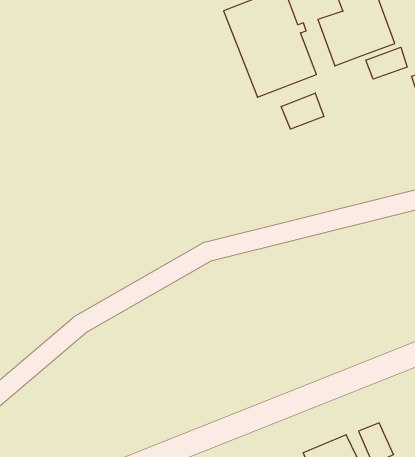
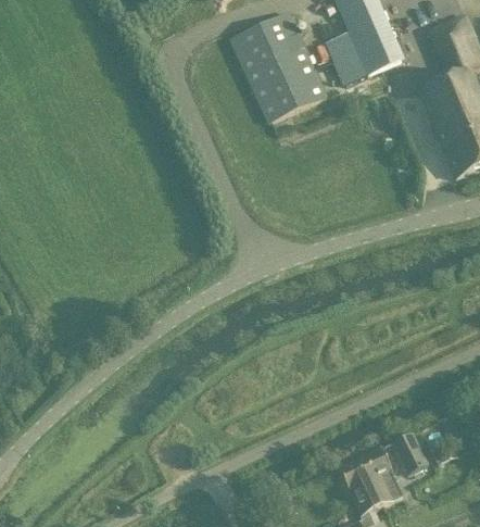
building: [366,47,407,79] -> none
building: [281,93,324,129] -> none

